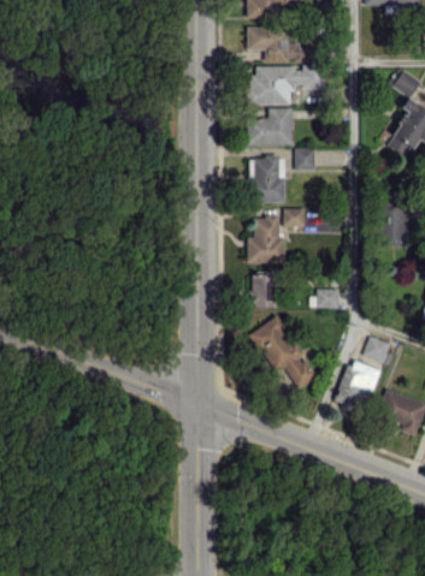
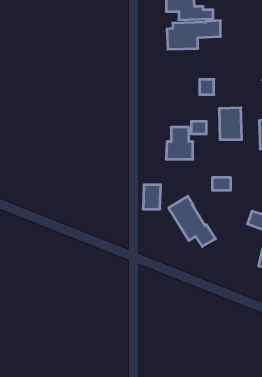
building: [247,108,293,146] -> none
building: [253,156,285,202] -> [219,108,242,140]
building: [250,272,276,307] -> [143,185,161,209]
building: [337,360,379,410] -> none

